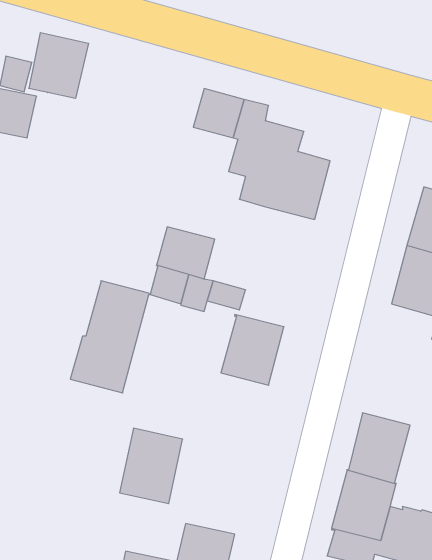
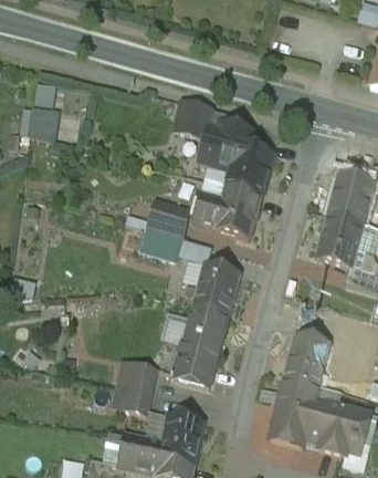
building: [29,33,88,98] -> none
building: none -> [192,187,260,238]
building: [70,281,150,393] -> [171,306,229,387]

